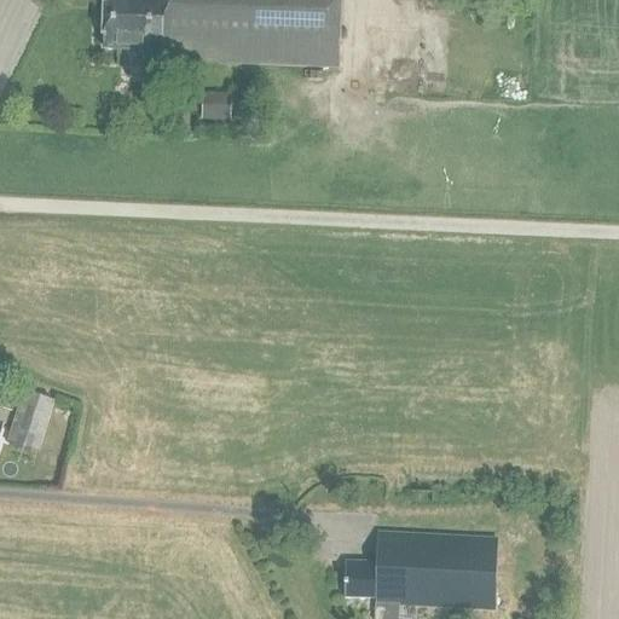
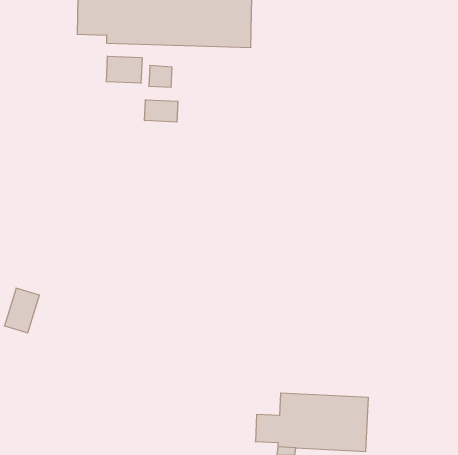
building: none -> [106,56,142,83]
building: none -> [145,100,178,122]

